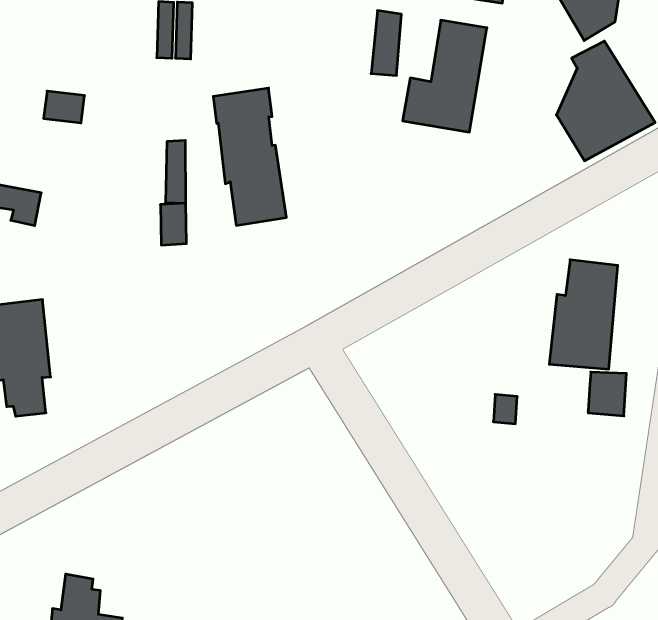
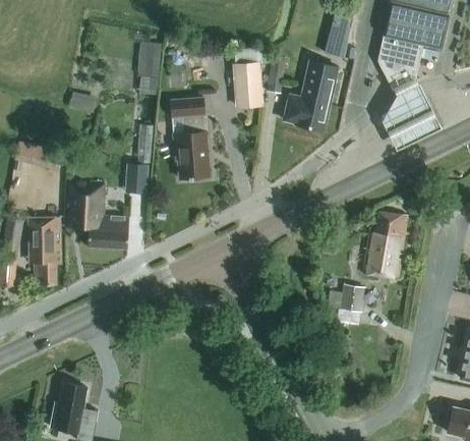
building: none -> [232,61,262,107]
building: none -> [65,182,128,249]
building: [588,372,626,416] -> [340,284,364,312]

